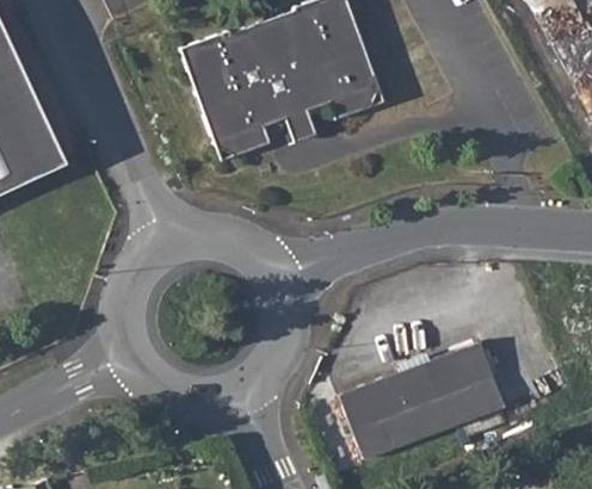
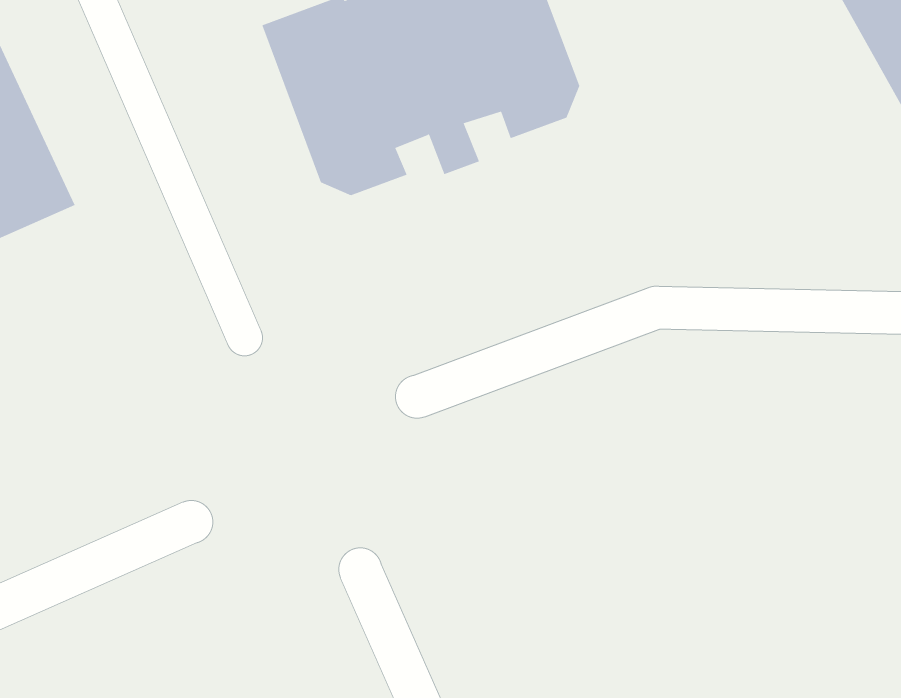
building: [341,342,507,459] -> none

